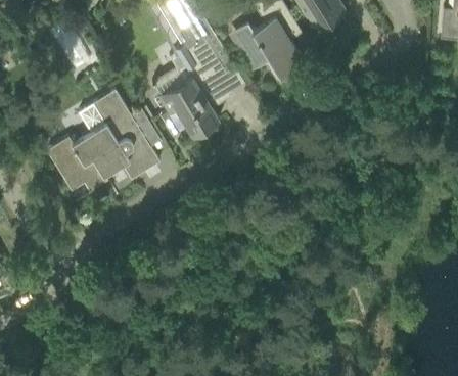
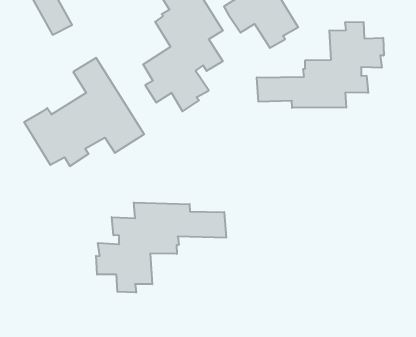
building: none -> [257,22,384,108]
building: none -> [96,202,226,293]

